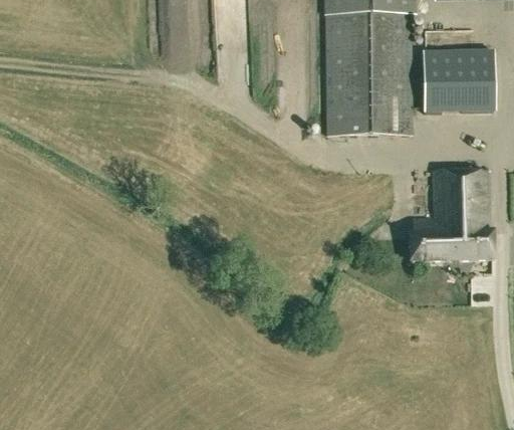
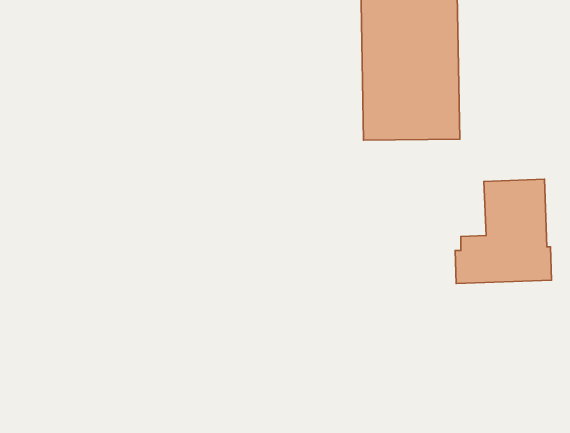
building: [425,53,495,112] -> none

